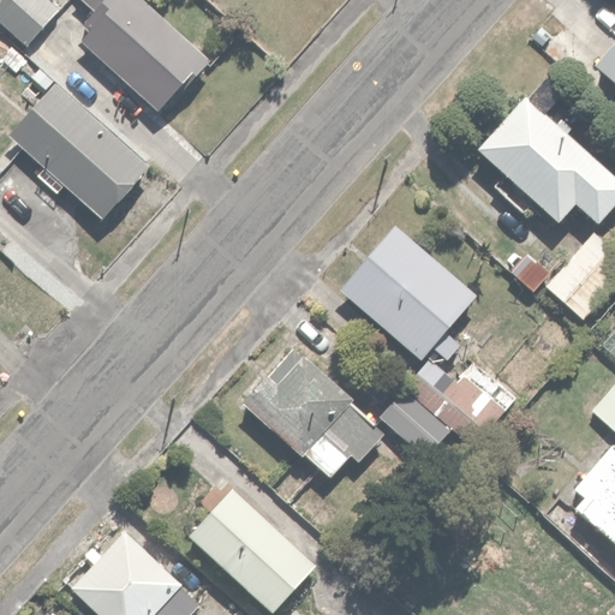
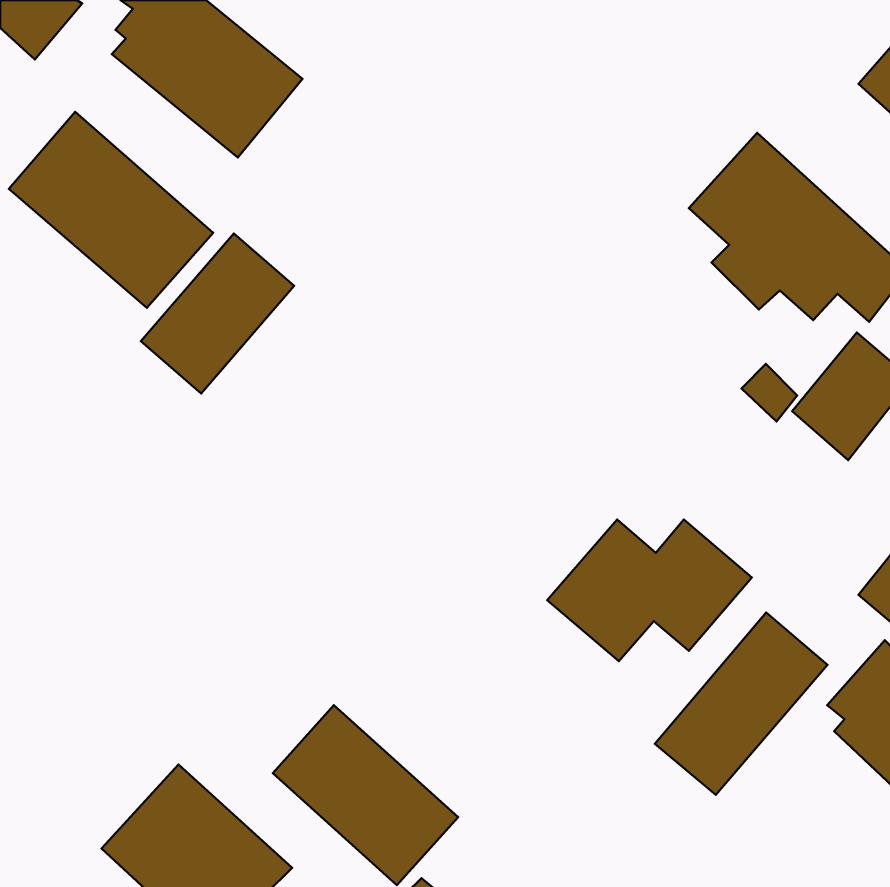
building: none -> [141,233,294,393]
building: [339,223,478,360] -> none
building: [241,352,388,479] -> none
building: none -> [655,612,828,795]

